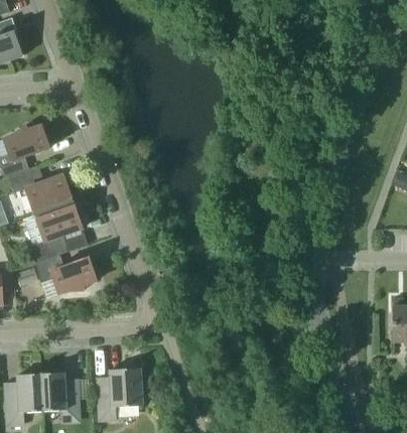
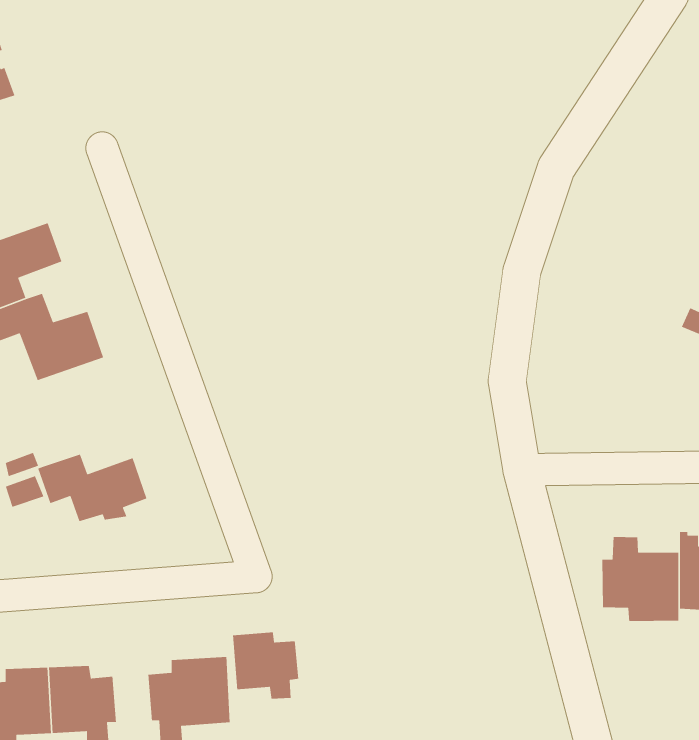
building: [24,201,83,262] -> none
building: none -> [601,536,679,622]
building: none -> [232,631,299,699]

